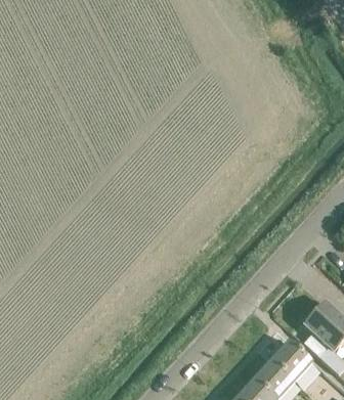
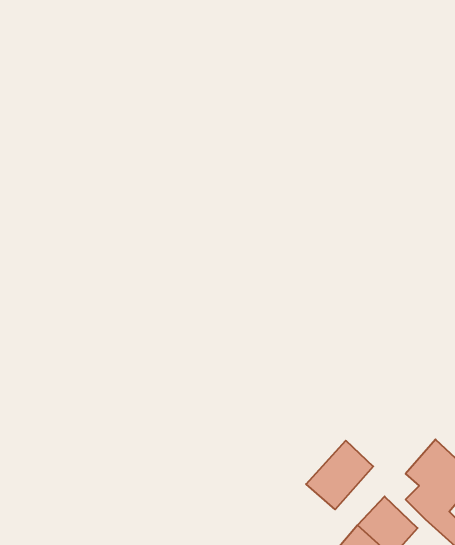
building: none -> [306,441,373,509]

